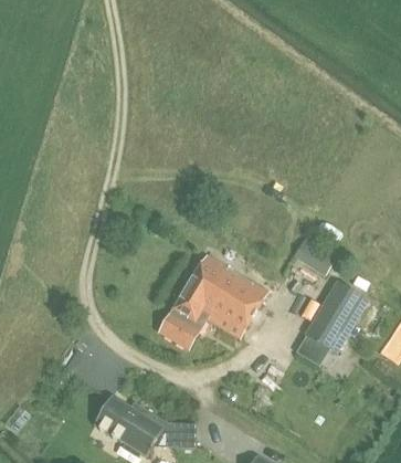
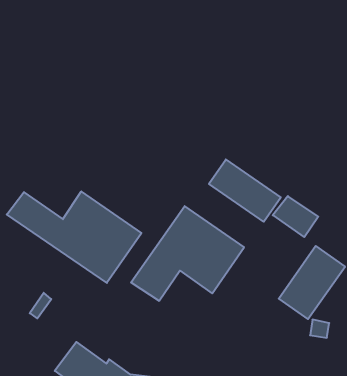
building: none -> [209,159,281,222]
building: none -> [7,191,141,283]

